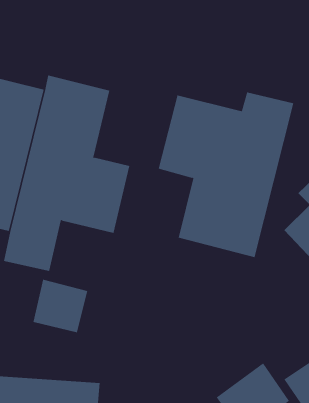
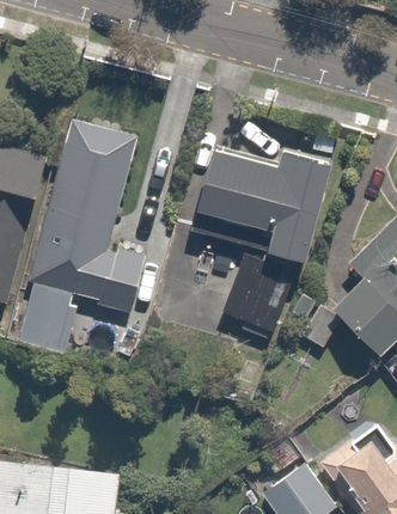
building: [33,279,88,333] -> none

